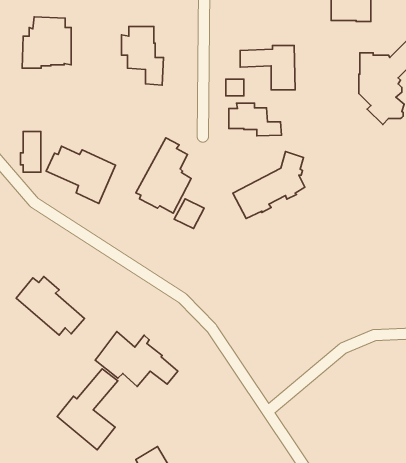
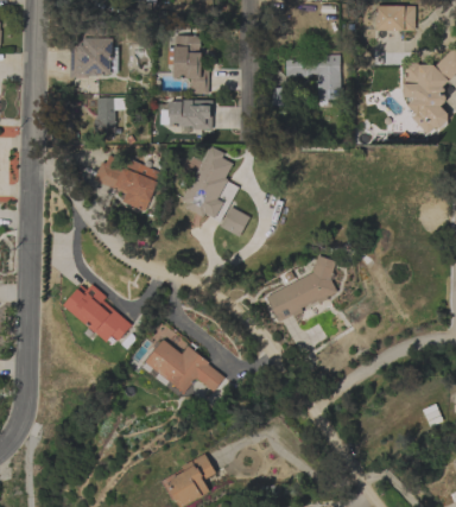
building: none -> [158,100,213,129]
building: [229,103,281,136] -> none
building: [21,131,41,172] -> [94,97,114,138]
building: [233,151,305,218] -> [265,255,336,322]
building: [57,369,118,450] -> none

